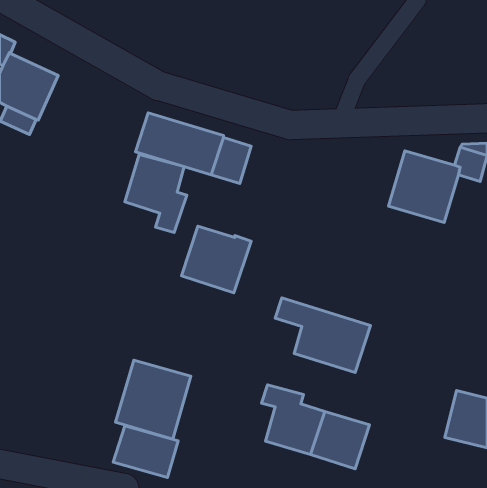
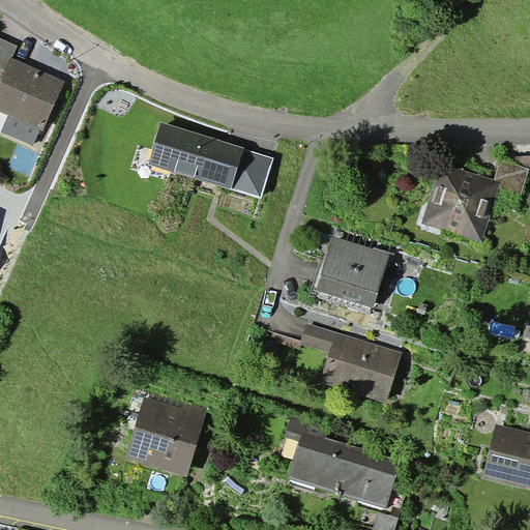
building: [125,155,187,232] -> none
building: [181,226,251,293] -> [315,236,390,308]
building: [113,426,178,477] -> none

